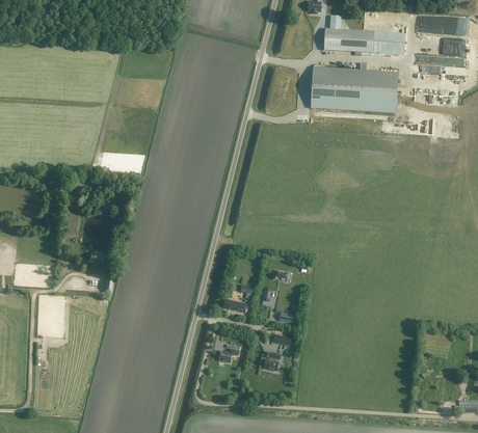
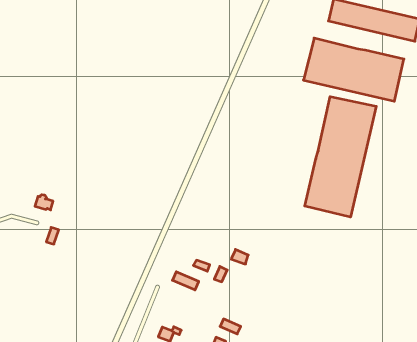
building: none -> [305,97,376,217]

